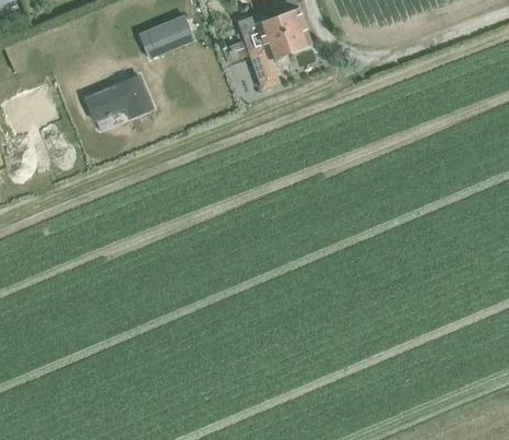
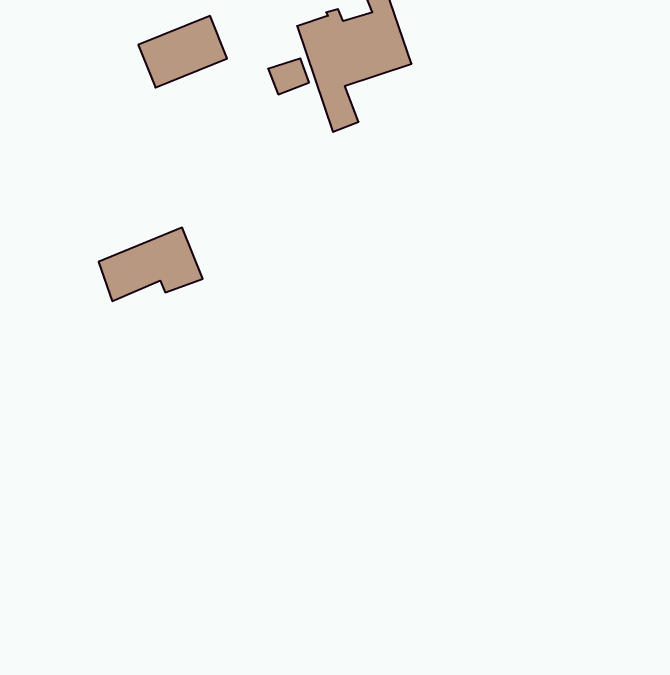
building: [86,75,153,122] -> [99,228,203,301]

